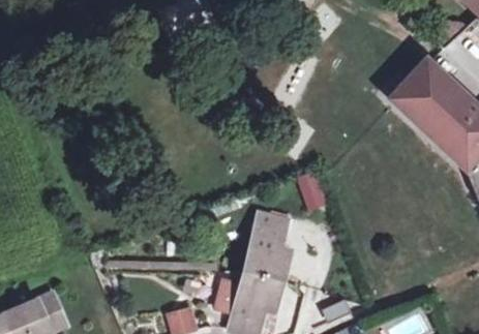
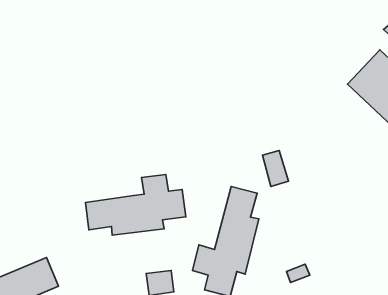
building: none -> [86,174,186,235]

